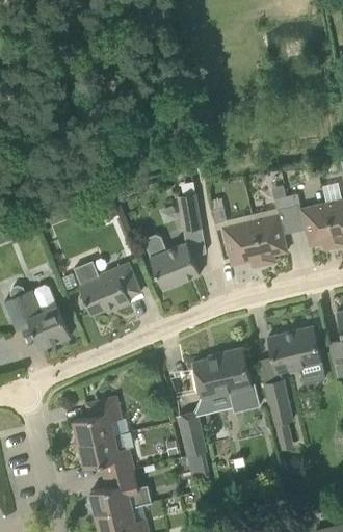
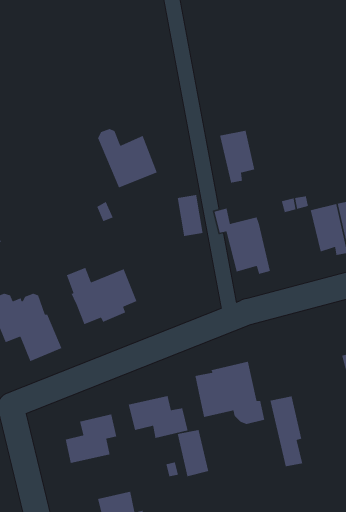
building: [254,215,287,265] -> [219,130,255,183]
building: [143,234,200,290] -> [97,128,158,189]
building: [268,326,325,384] -> none
building: [78,435,134,476] -> [128,395,188,439]

